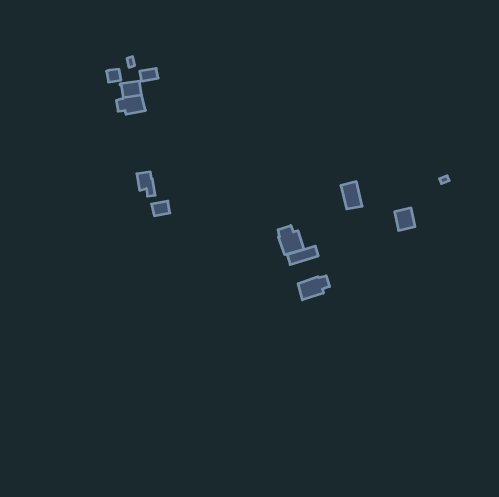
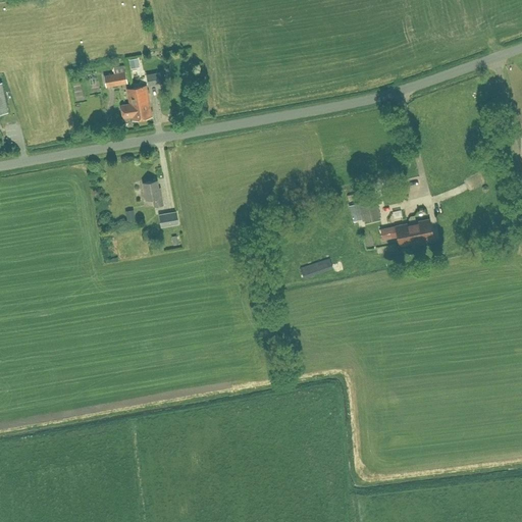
building: none -> [380,223,416,246]
building: [278,225,304,255] -> none
building: [298,276,330,300] -> none

